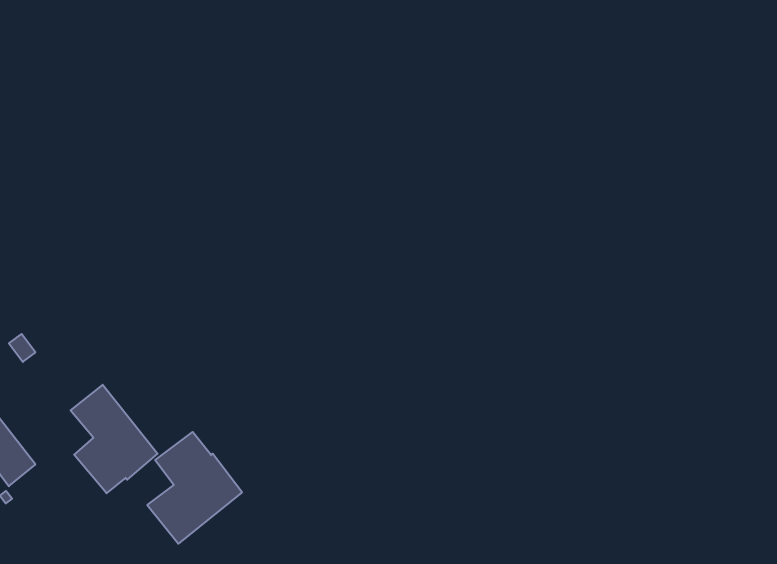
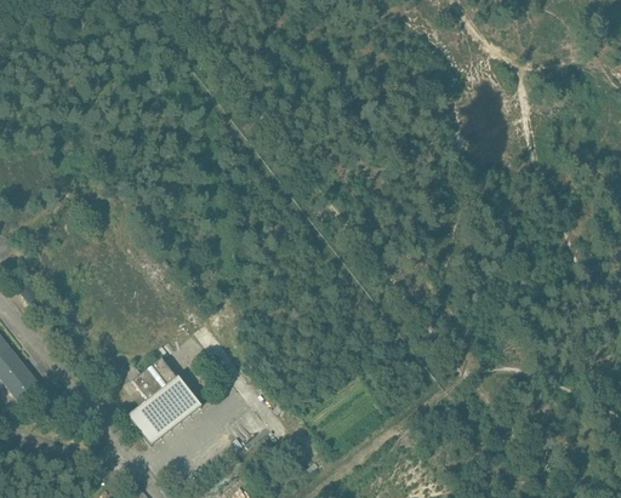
building: [71,385,158,493] -> none

